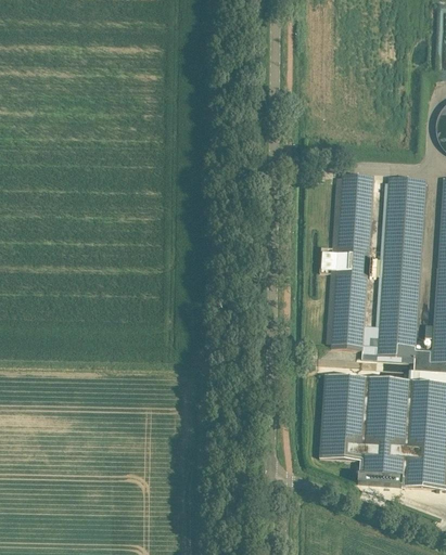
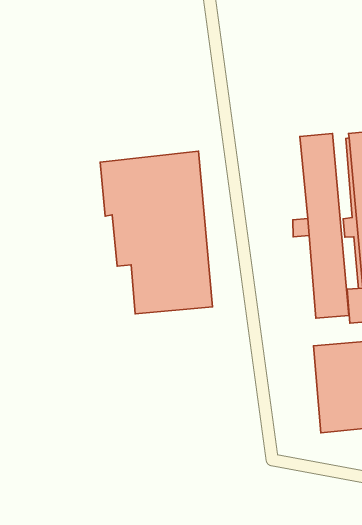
building: none -> [100,151,212,314]

